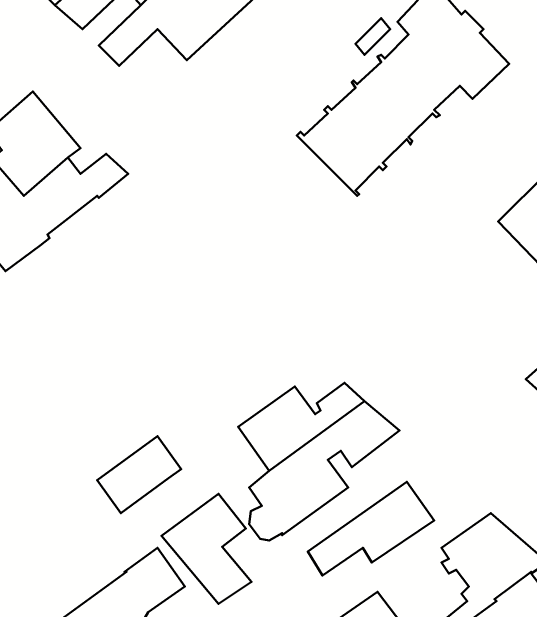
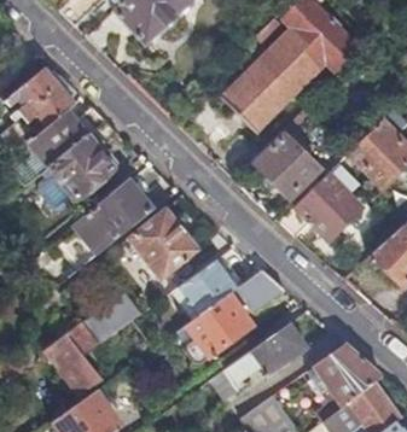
building: none -> [50,119,121,198]
building: none -> [256,133,320,198]
building: none -> [280,173,362,240]
building: none -> [81,180,155,253]
building: none -> [129,206,199,279]
building: [162,494,251,604] -> [45,321,104,393]

